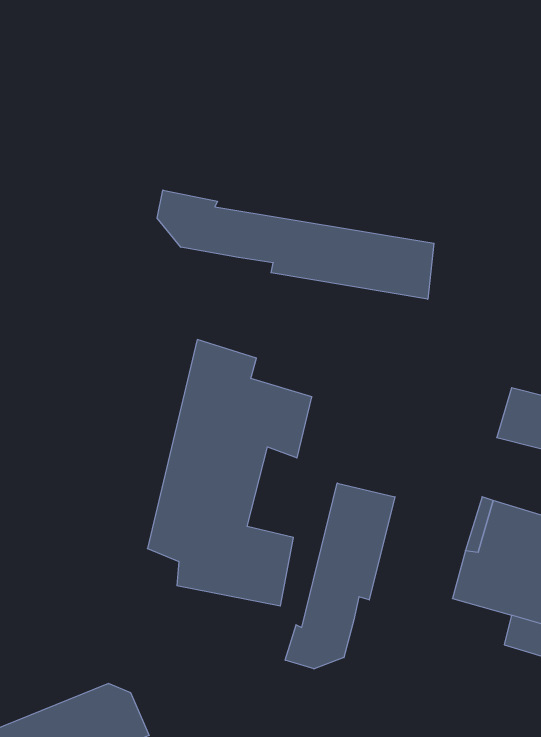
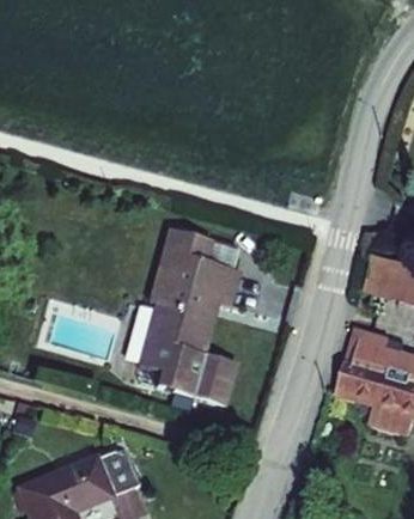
building: [157,190,434,299] -> none
building: [285,483,395,669] -> none

